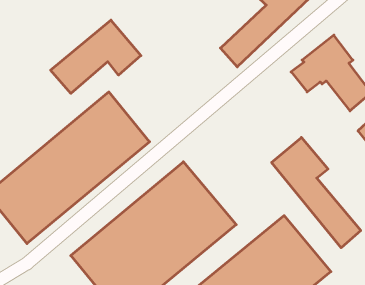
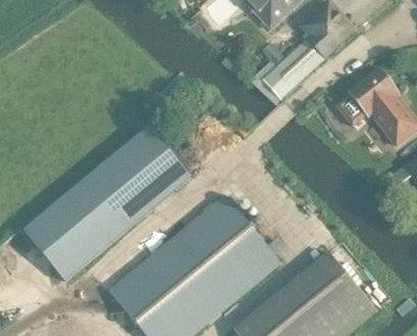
building: [51,20,141,93] -> none
building: [272,137,361,248] -> none

